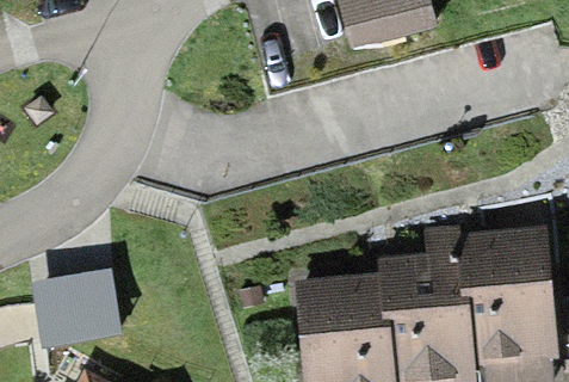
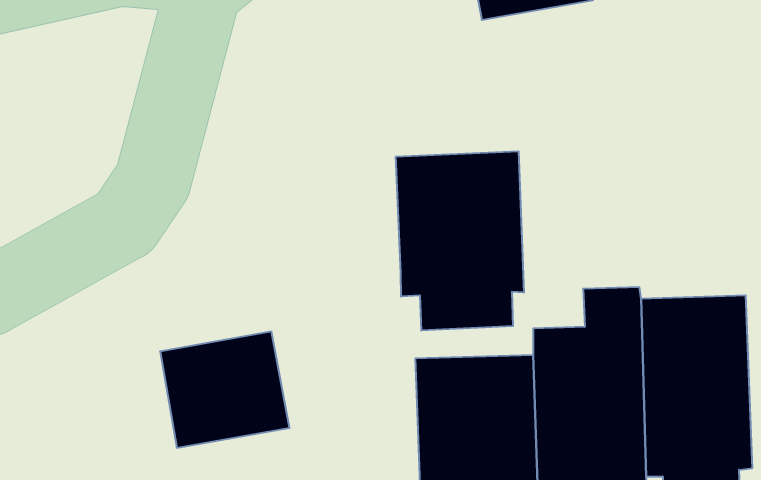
building: none -> [396,151,524,331]
building: [26,255,119,339] -> [160,332,290,448]

